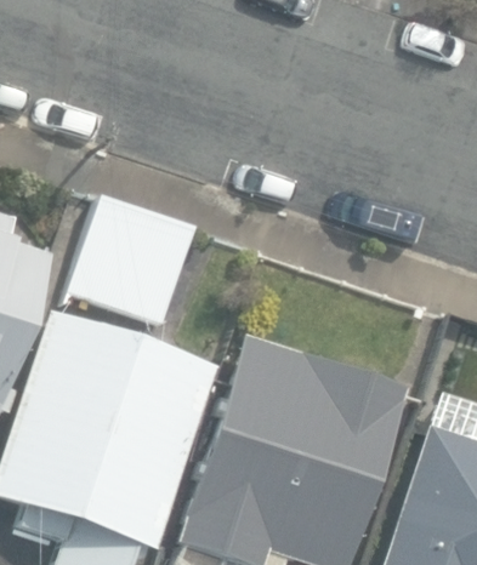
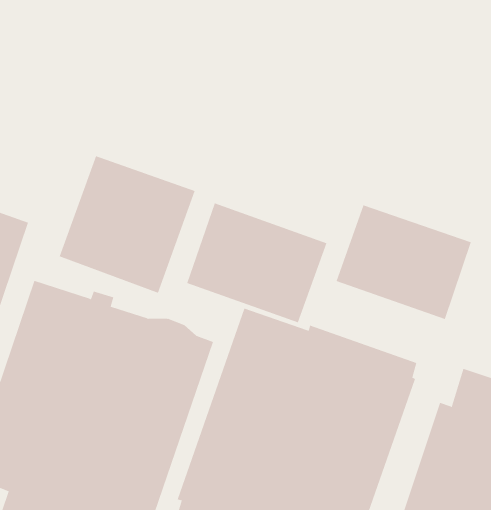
building: none -> [187,203,327,323]
building: none -> [336,204,471,320]

